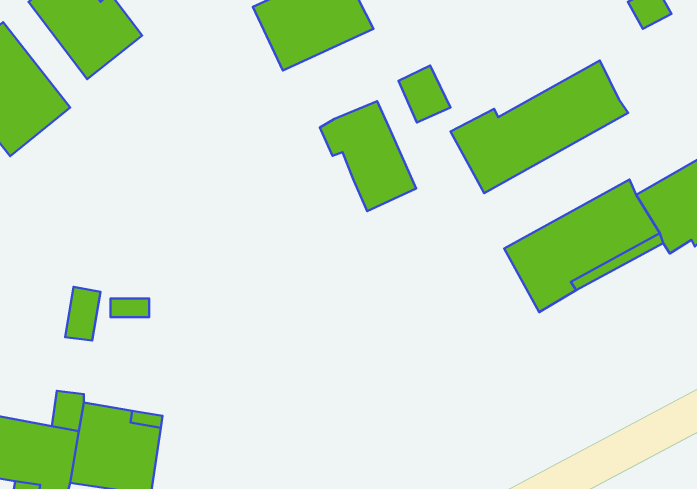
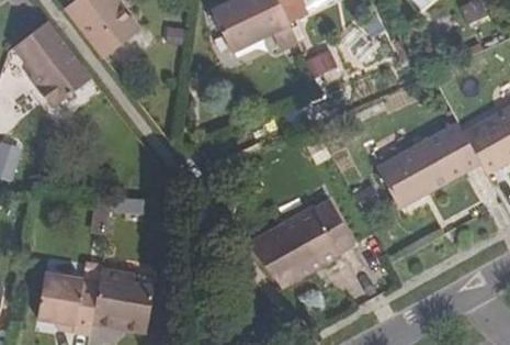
building: [450,61,628,193] -> none
building: [320,101,416,211] -> none
building: none -> [247,200,354,287]

